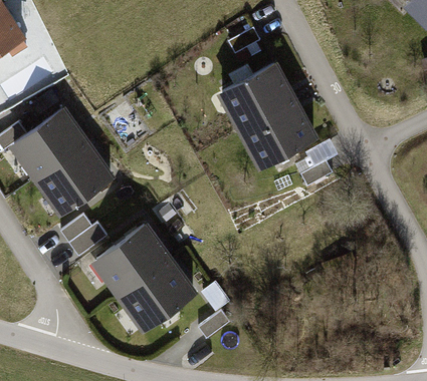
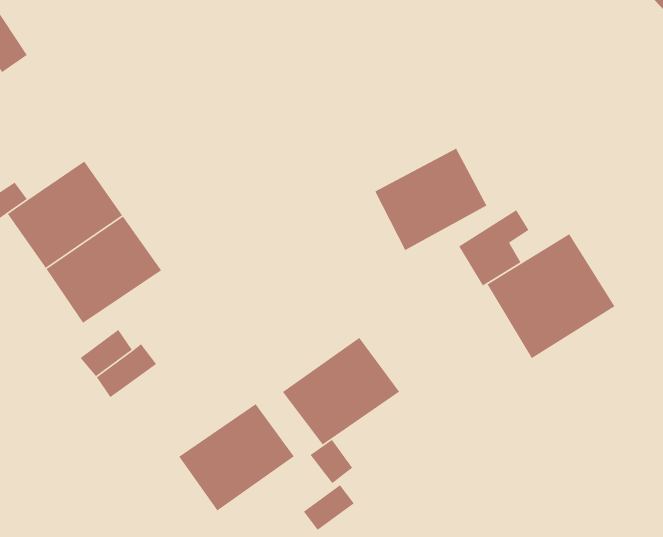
building: [220,64,291,128] -> none
building: none -> [486,233,615,359]
building: [93,226,167,293] -> [282,337,400,445]

